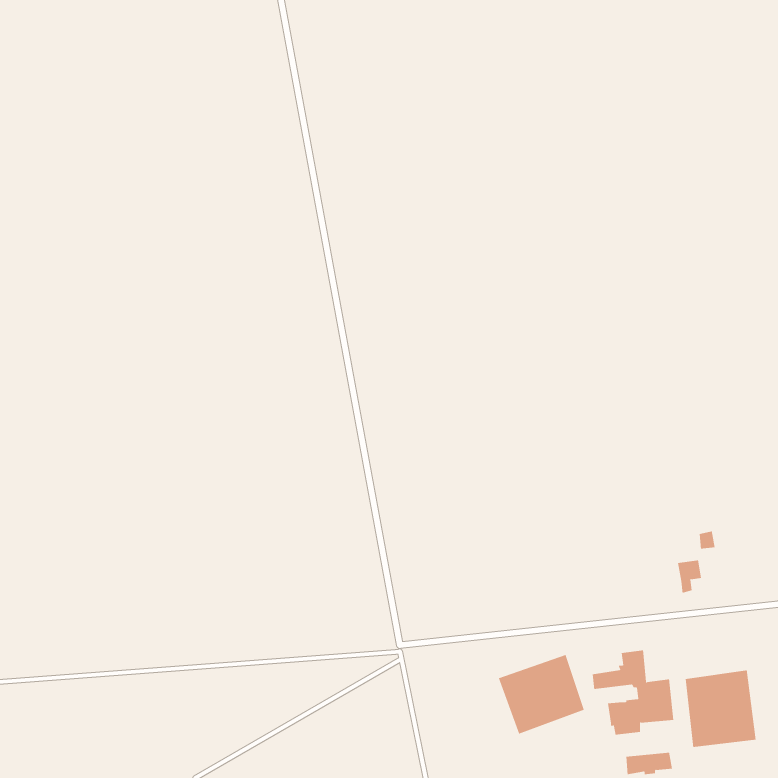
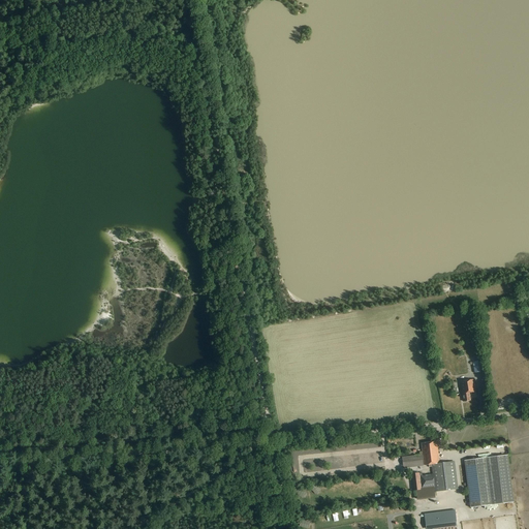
building: [498,654,584,734] -> none

